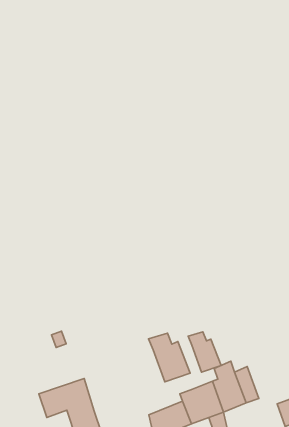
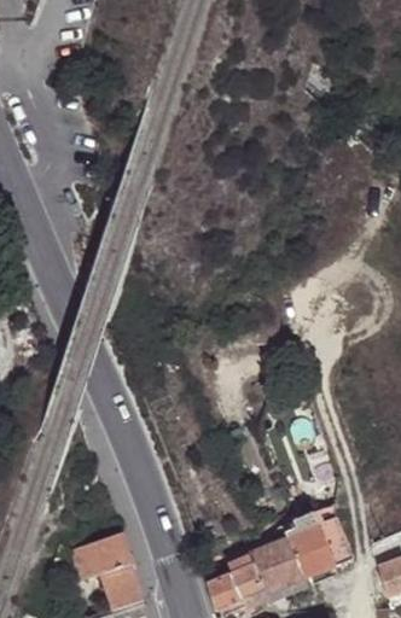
building: [188,332,221,372] -> none
building: [149,333,190,382] -> none

